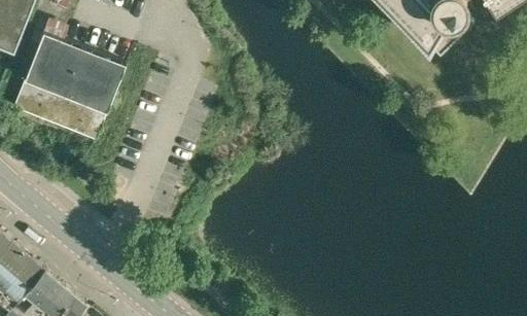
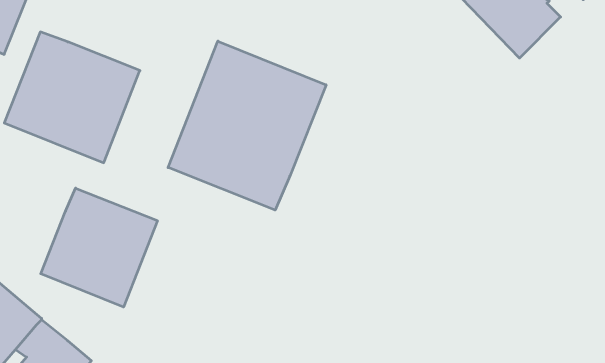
building: none -> [168,41,326,210]
building: none -> [41,188,157,307]

